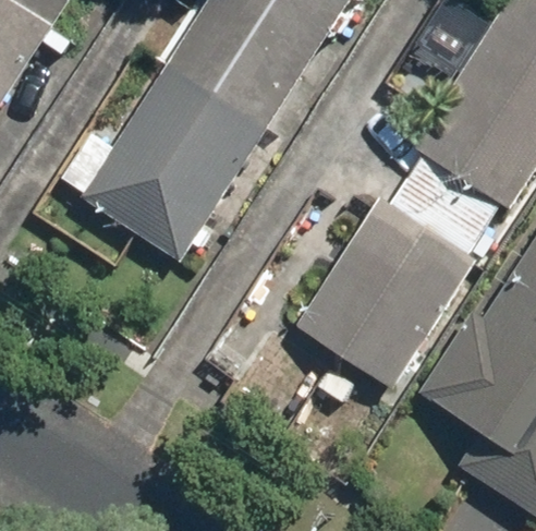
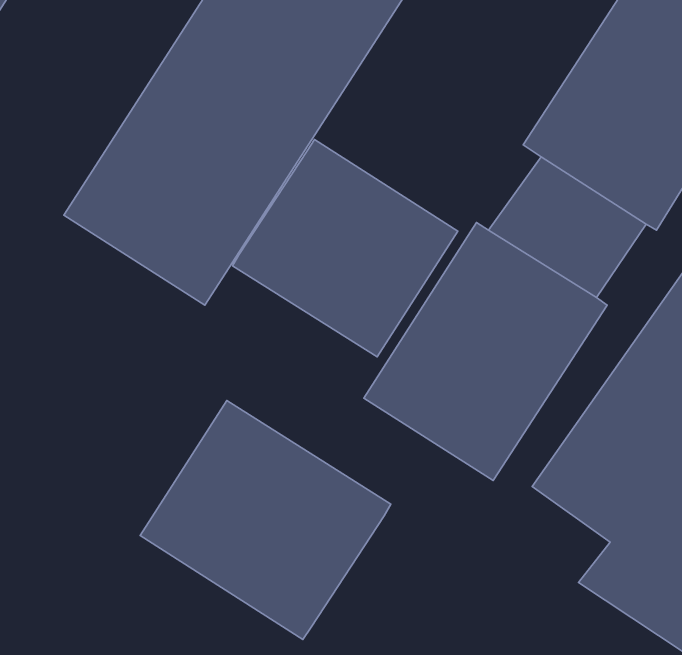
building: none -> [233,139,458,357]
building: none -> [140,401,391,640]

